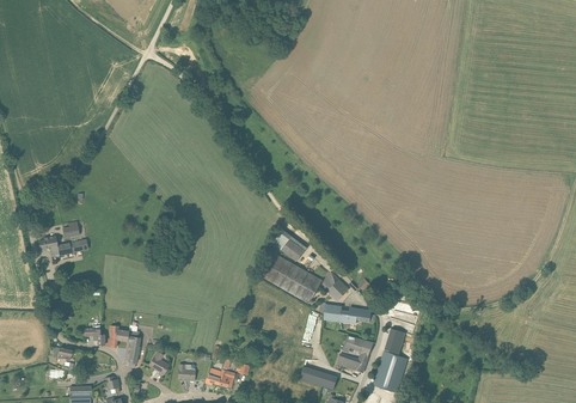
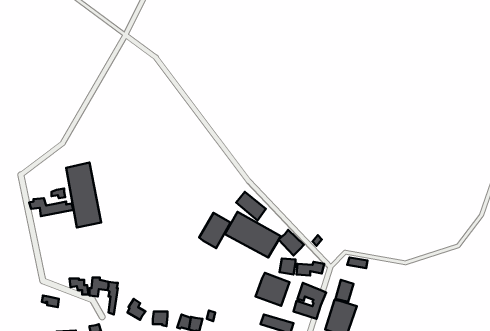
building: none -> [66,162,101,228]
building: none -> [199,213,231,248]
building: none -> [255,273,290,306]

